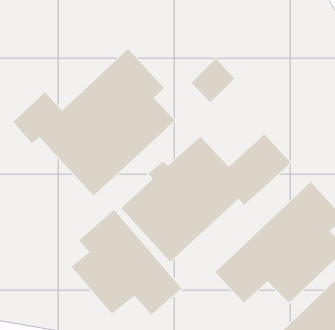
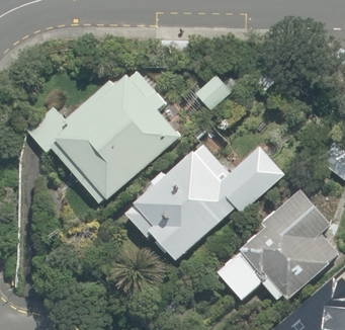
building: [70,209,182,315] -> none

